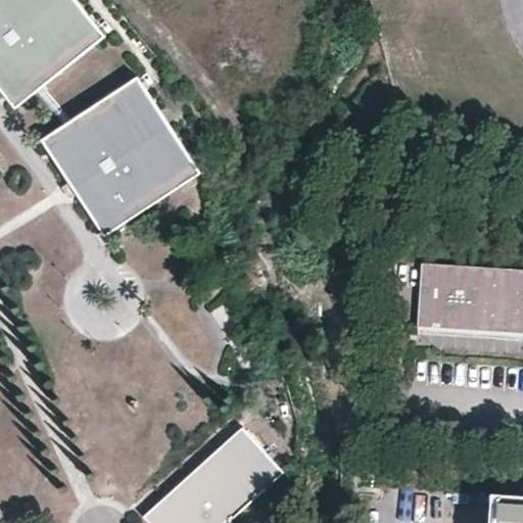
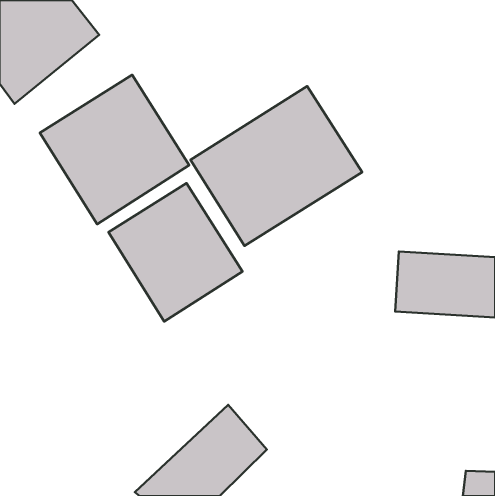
building: none -> [191,86,362,246]
building: none -> [109,183,242,321]

